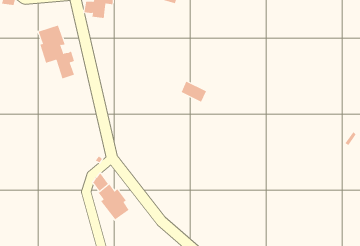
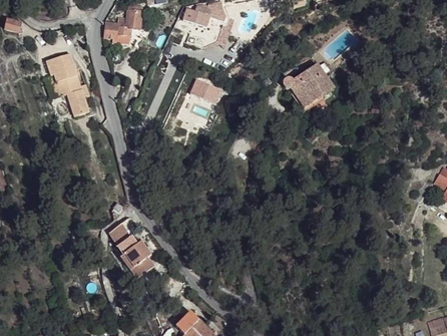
building: none -> [271,56,325,101]
building: [181,81,207,102] -> [188,77,218,102]

